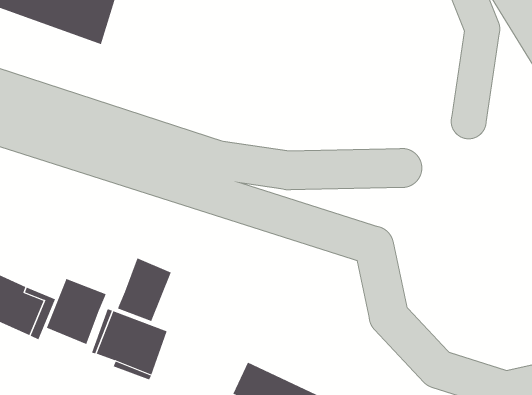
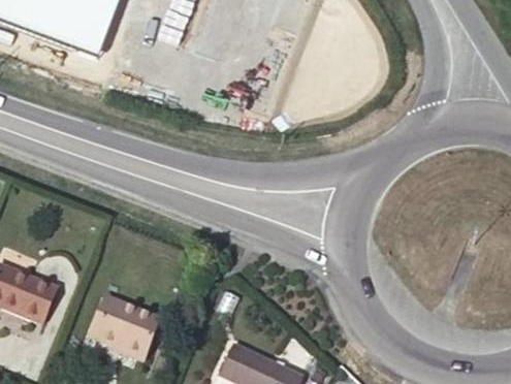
building: [117,258,171,322] -> none
building: [46,278,107,345] -> none

